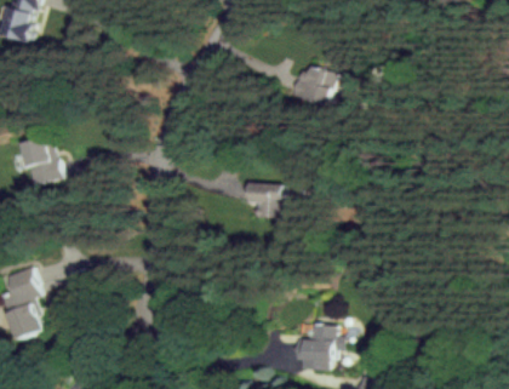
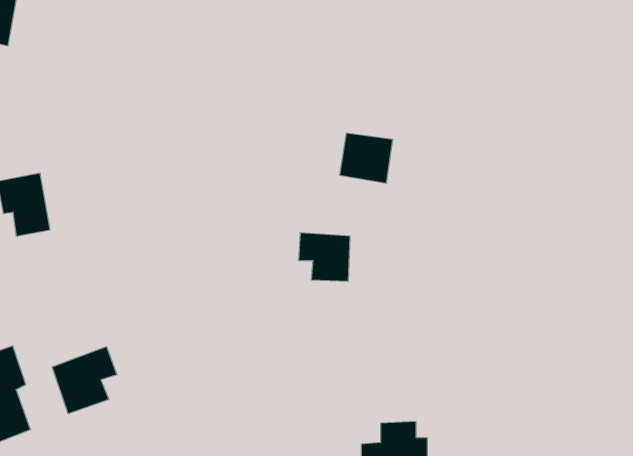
building: [293,67,333,104] -> [340,133,393,183]
building: none -> [52,347,117,414]

